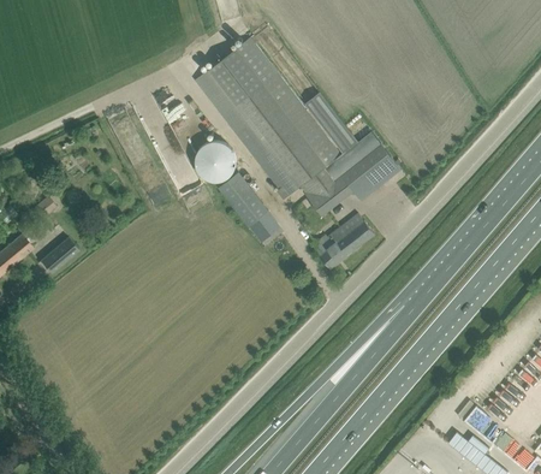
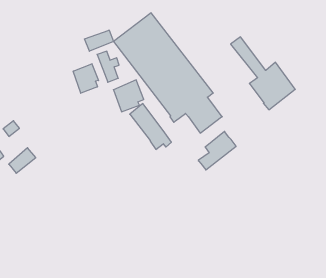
building: none -> [85,30,113,51]
building: [304,93,399,200] -> [231,37,295,110]
building: none -> [73,64,98,93]

